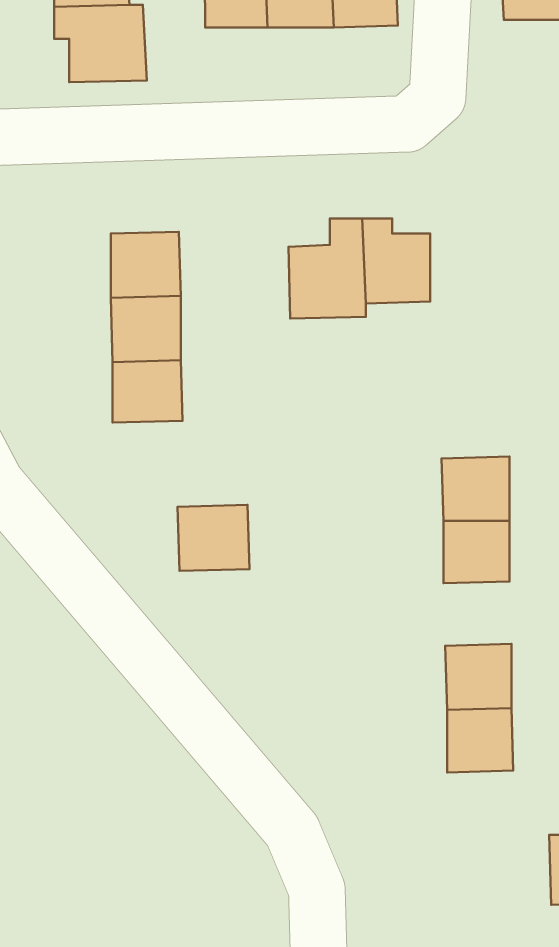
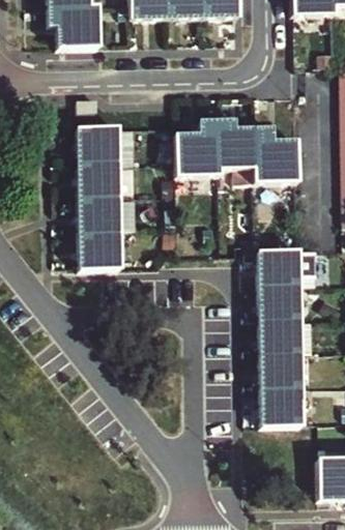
building: none -> [255,128,297,181]
building: [178,505,249,571] -> [81,231,120,267]
building: none -> [262,319,299,354]

